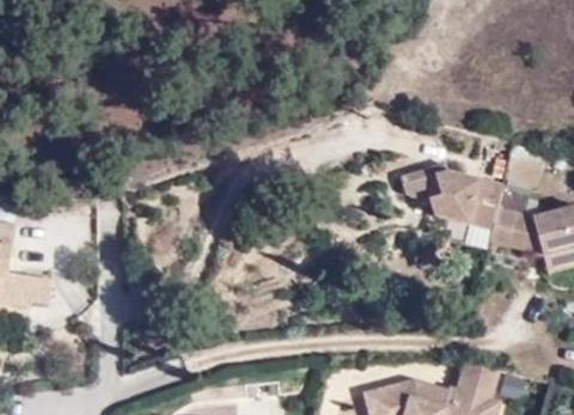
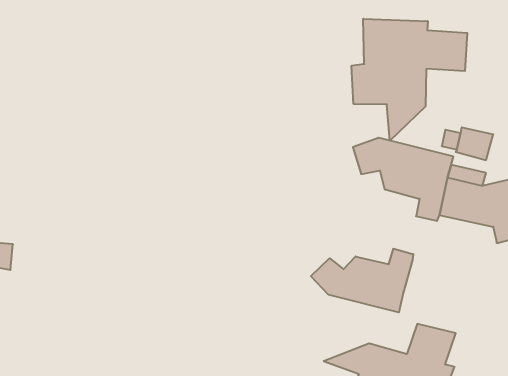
building: none -> [352,19,467,141]
building: none -> [311,249,413,312]

